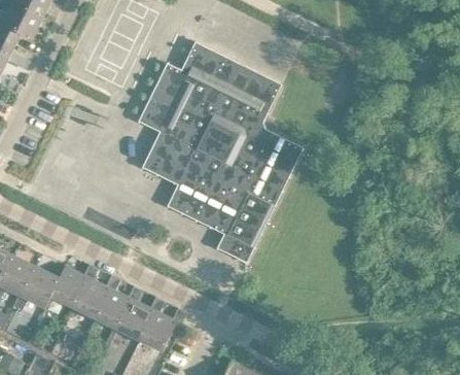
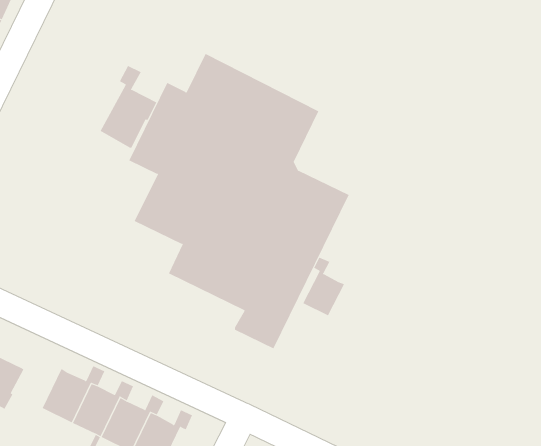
building: none -> [100,65,157,149]
building: none -> [303,257,345,316]
building: [49,264,97,307] -> none

